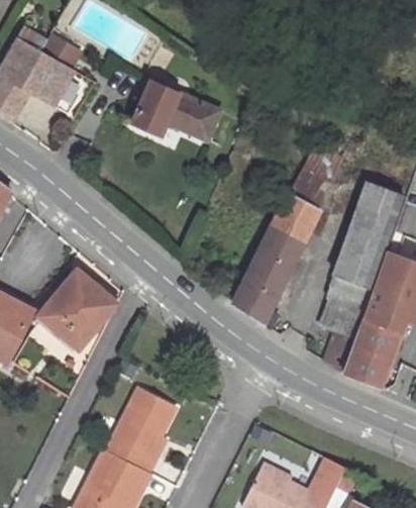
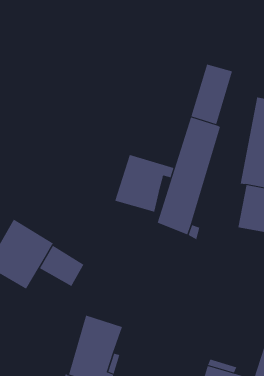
building: [131,82,220,141] -> none
building: none -> [115,154,174,213]
building: none -> [39,245,85,287]

